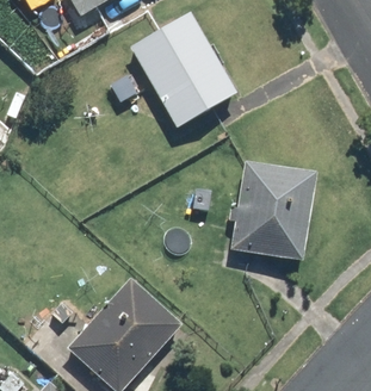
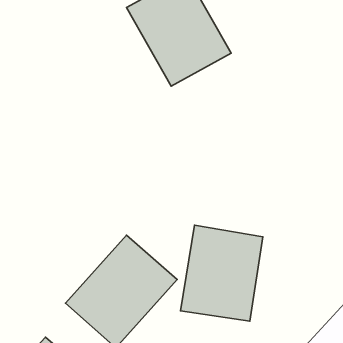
building: [231,161,315,259] -> [181,225,263,321]

